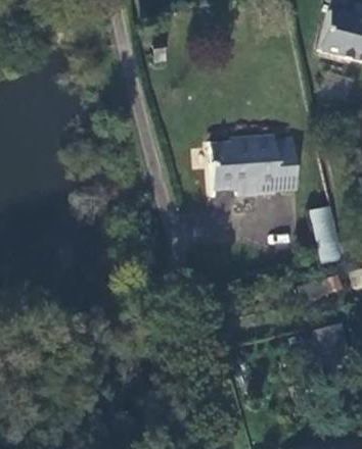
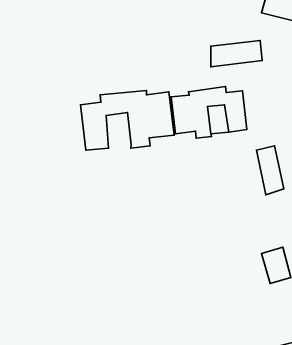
building: none -> [211,41,262,67]
building: none -> [80,91,174,150]

